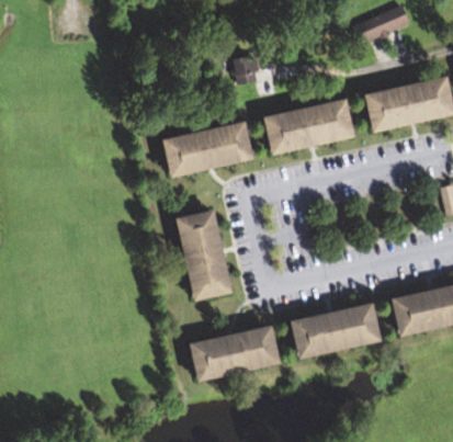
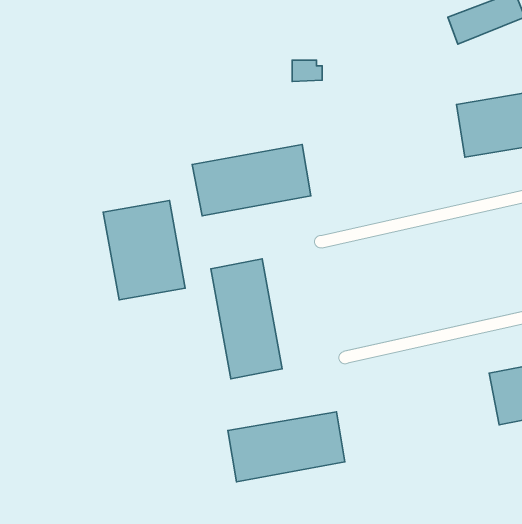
building: [263,99,353,154] -> none
building: none -> [103,201,185,300]
building: [290,304,380,359] -> none

